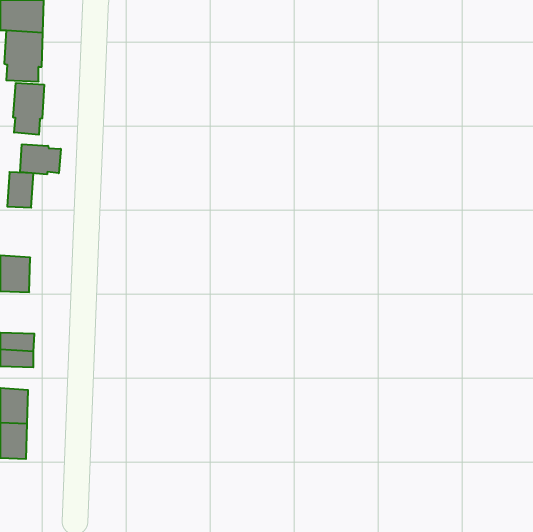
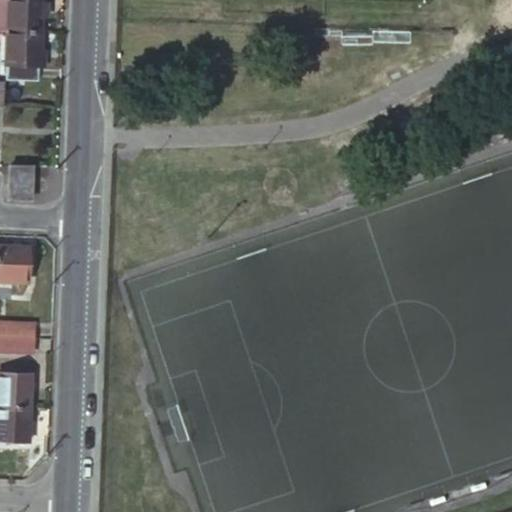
building: [13,83,44,135] -> none
building: [20,144,61,174] -> none

